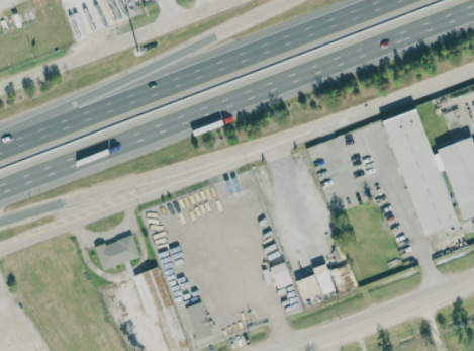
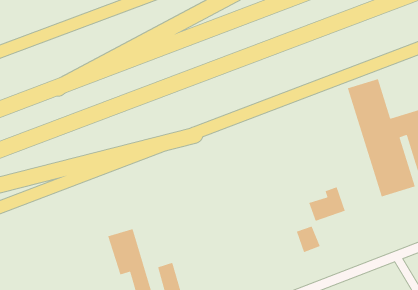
building: [94,235,139,270] -> none
building: [269,262,291,288] -> none
building: [295,264,335,301] -> [308,186,346,222]

